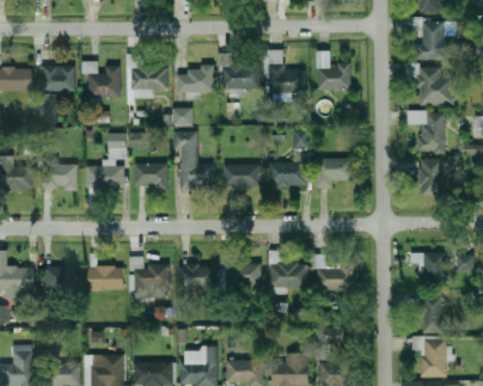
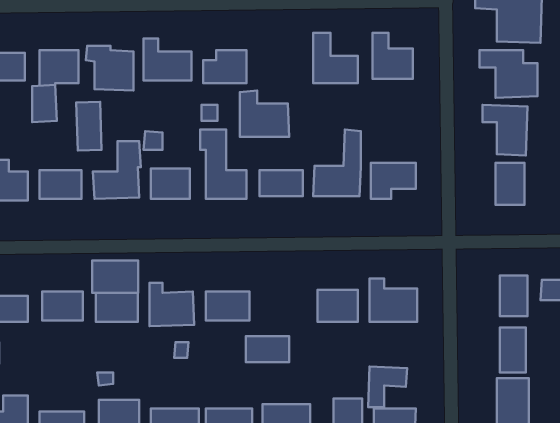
building: [219,53,259,91] -> [240,91,289,137]
building: none -> [76,102,102,150]
building: none -> [92,261,138,293]
building: [225,265,261,287] -> [246,336,289,362]

